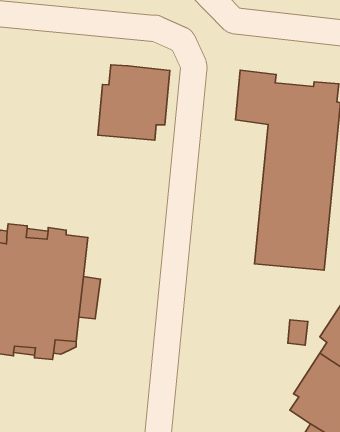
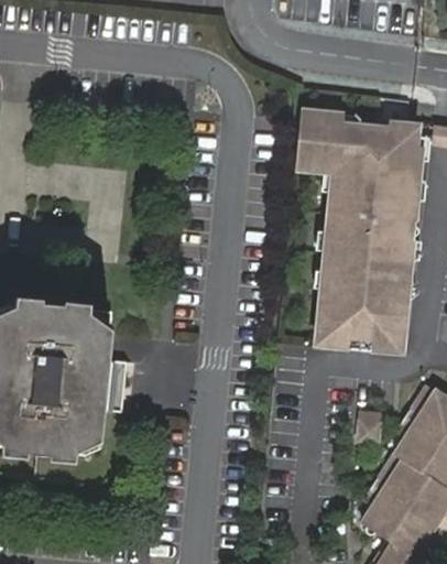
building: [98,65,170,140] -> none

